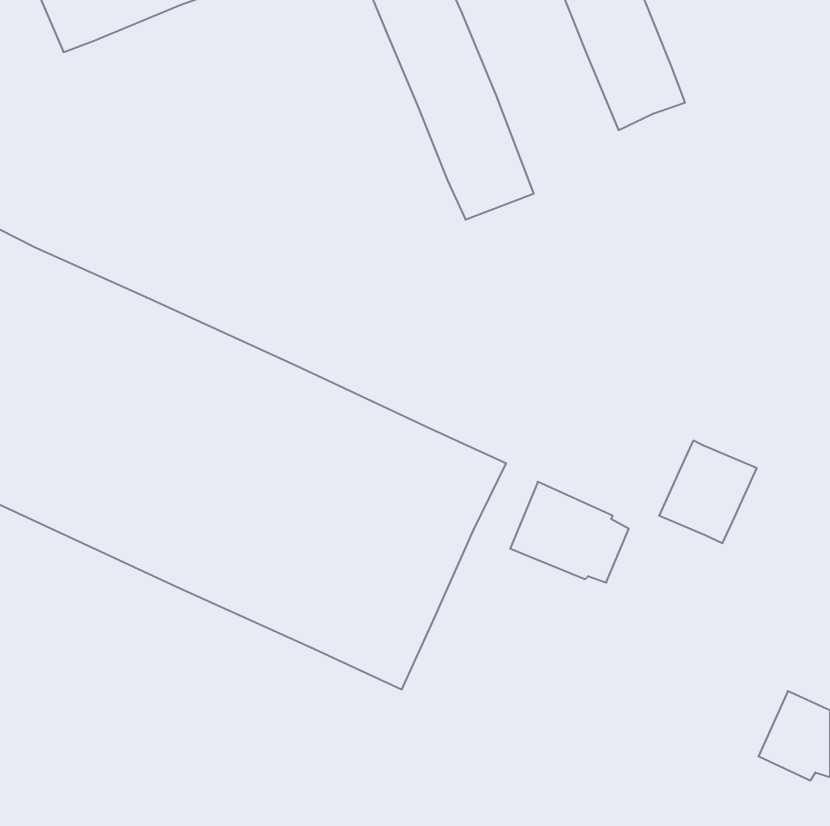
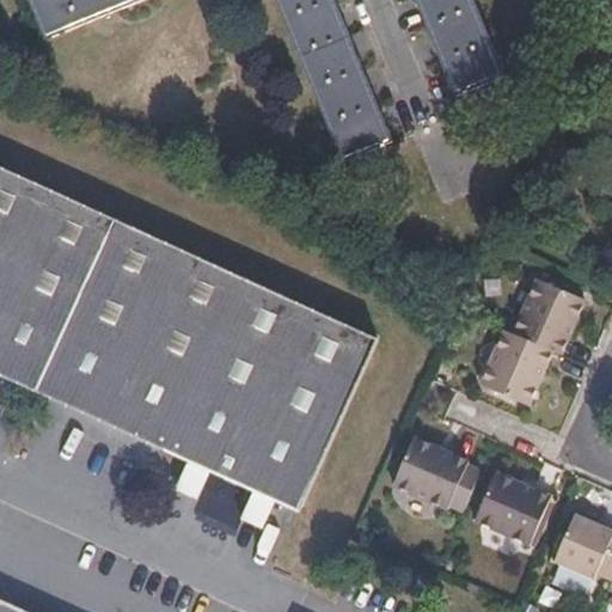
building: none -> [516,271,588,348]
building: [510,482,629,583] -> [394,430,482,504]
building: none -> [476,467,552,538]

